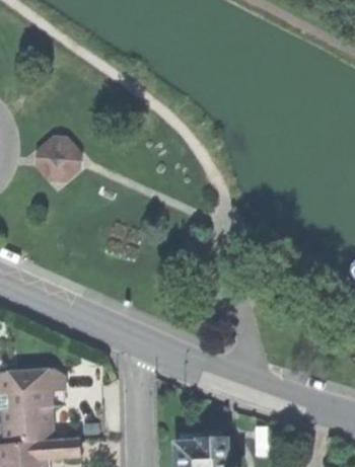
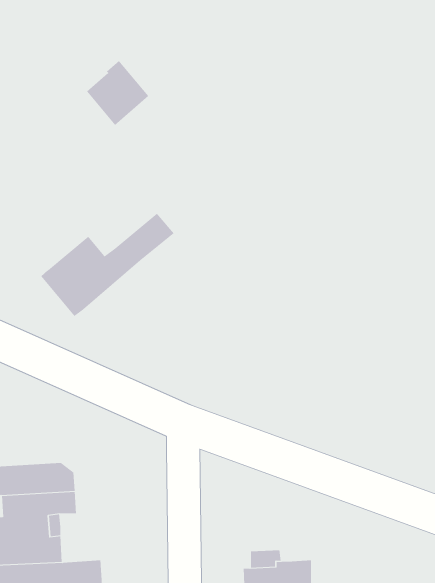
building: [34,136,79,182] -> [86,60,149,126]
building: none -> [40,213,174,317]

